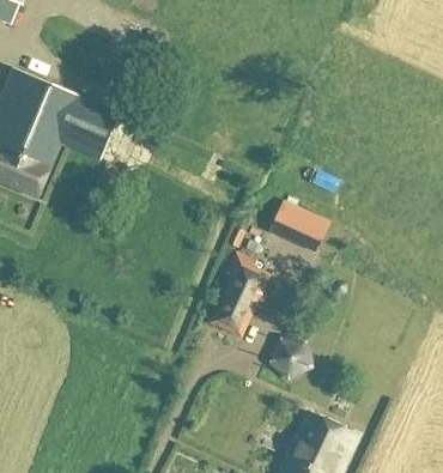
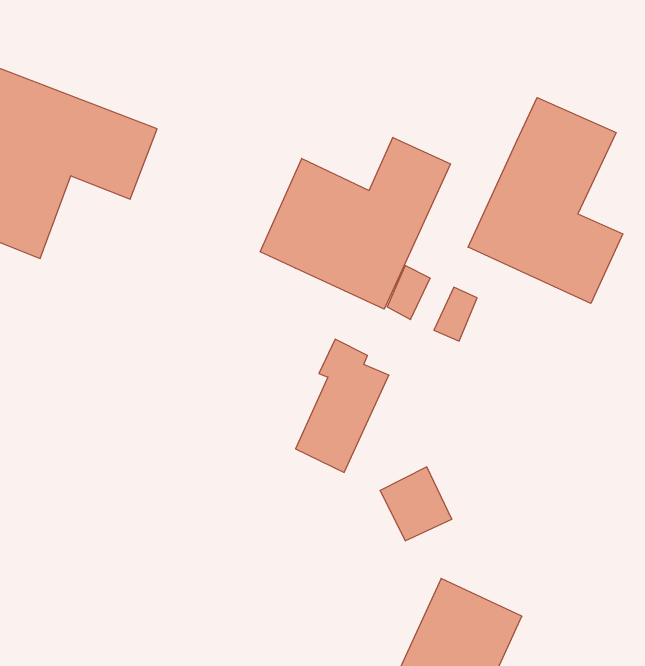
building: none -> [468,98,623,303]
building: none -> [260,137,451,309]

